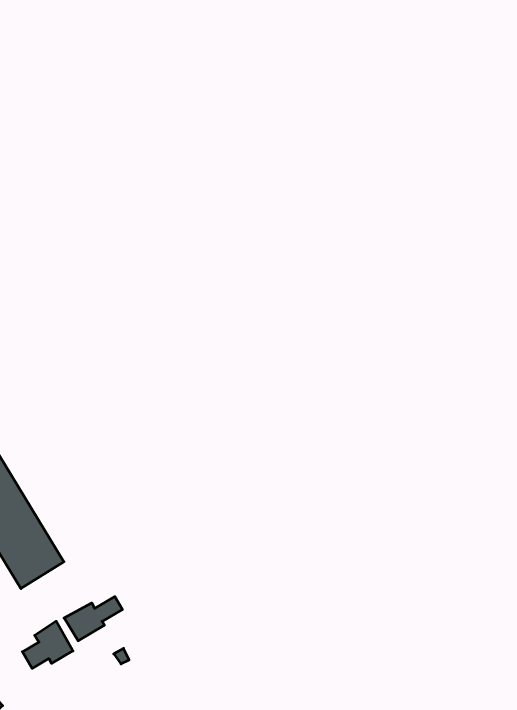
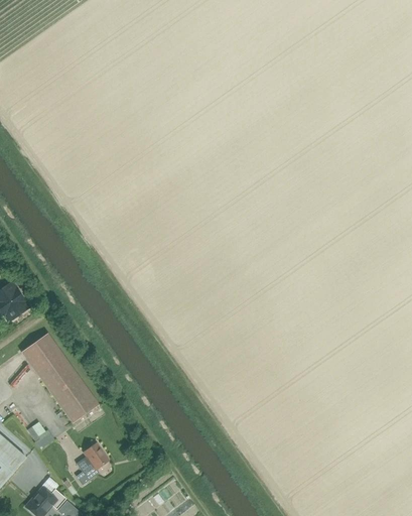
building: [64,597,122,641] -> none

